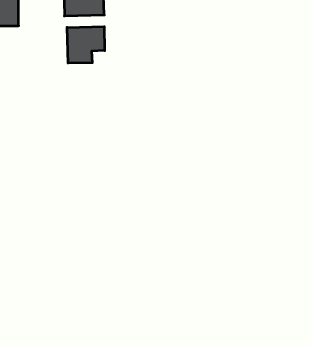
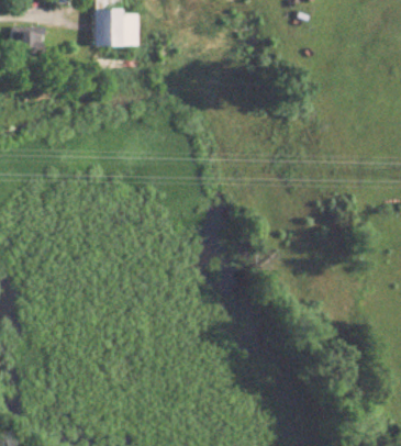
building: [67,27,105,63] -> none

